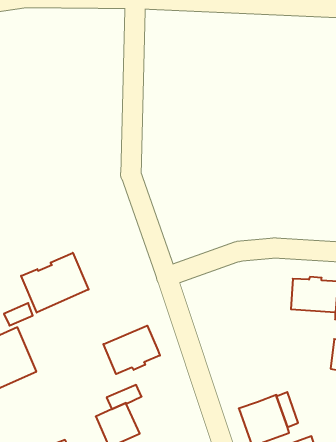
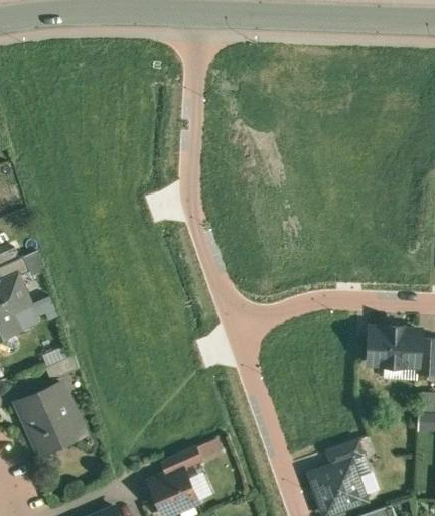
building: [21,253,89,313] -> none
building: [103,326,160,374] -> none
building: none -> [326,439,366,467]

